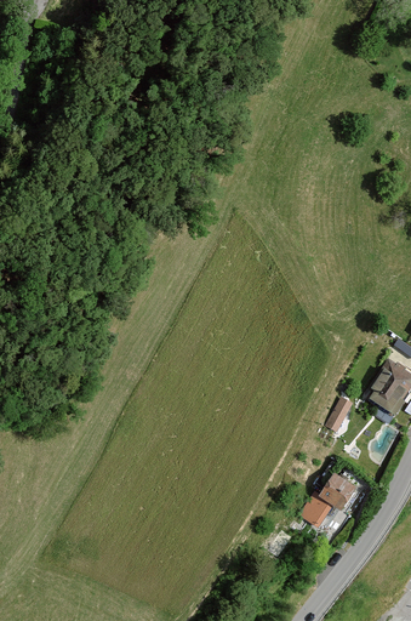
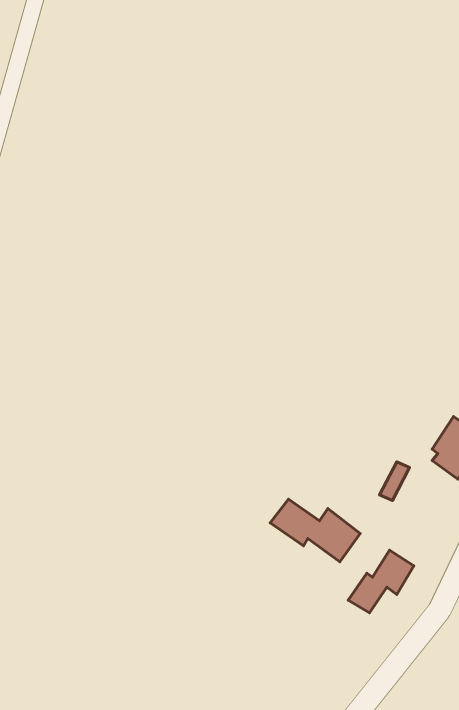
building: none -> [270,499,360,562]

